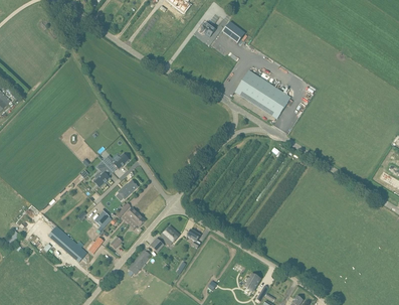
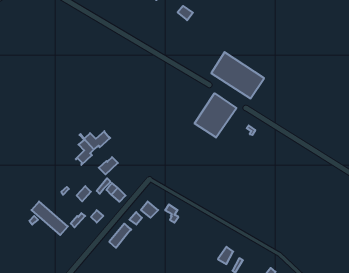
building: none -> [195,93,236,138]

